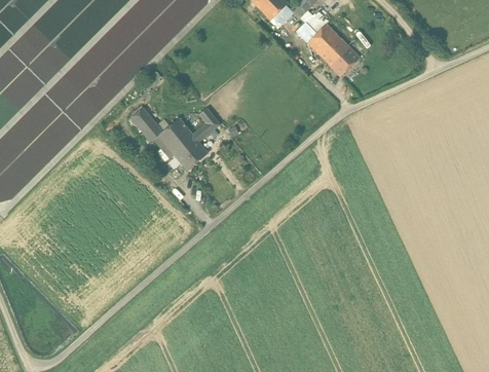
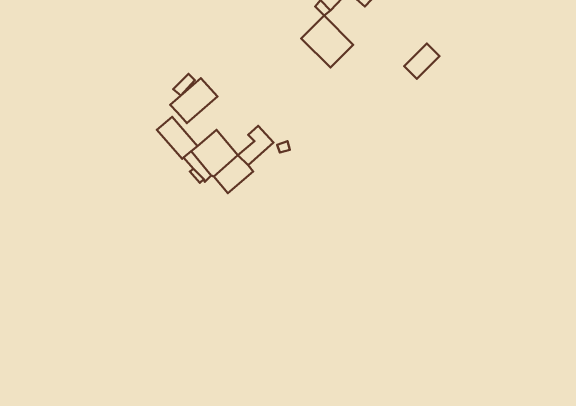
building: [306,23,348,65] -> [301,16,353,68]
building: none -> [170,78,218,123]

